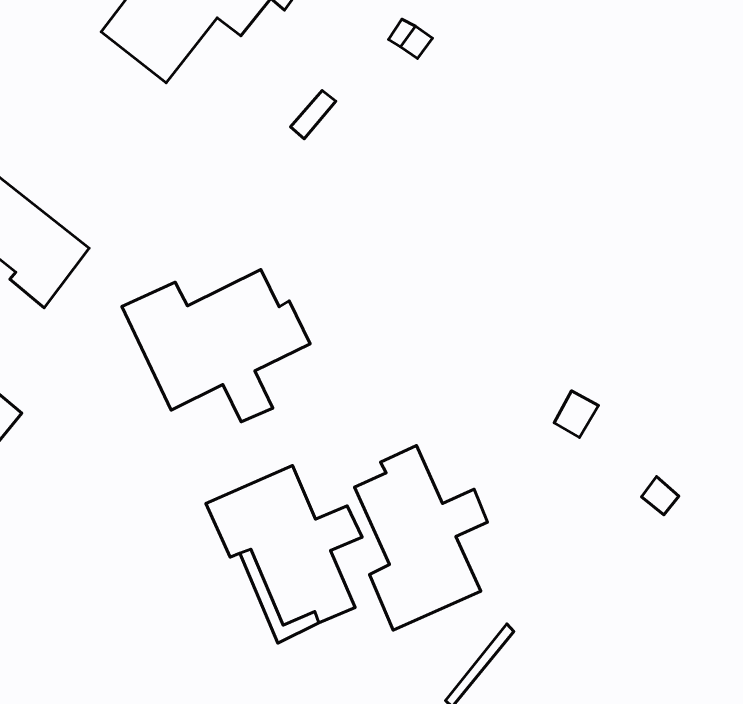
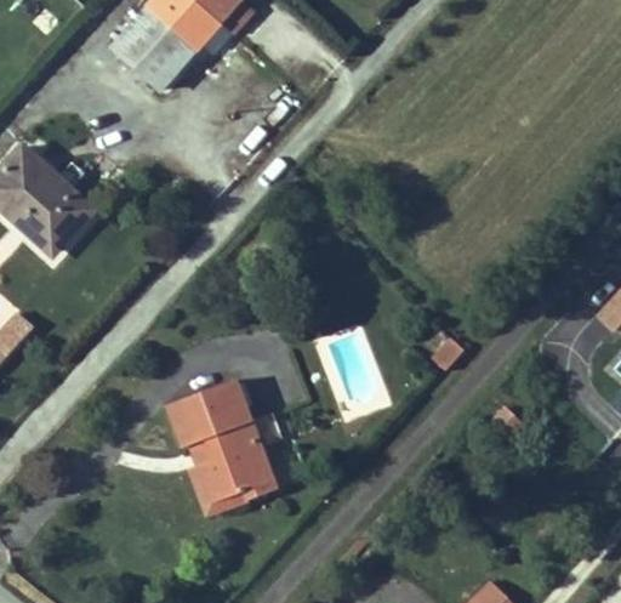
building: [122,270,310,422] -> none
building: [355,445,488,630] -> none

